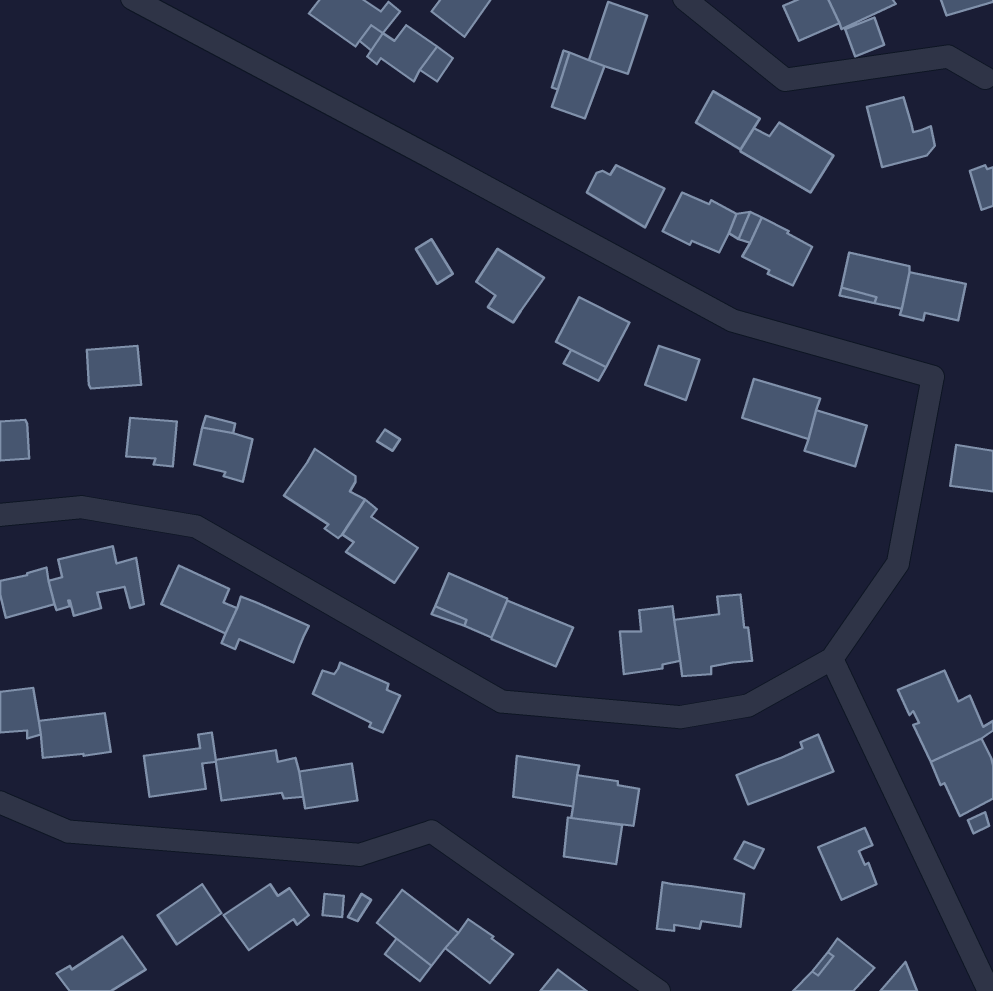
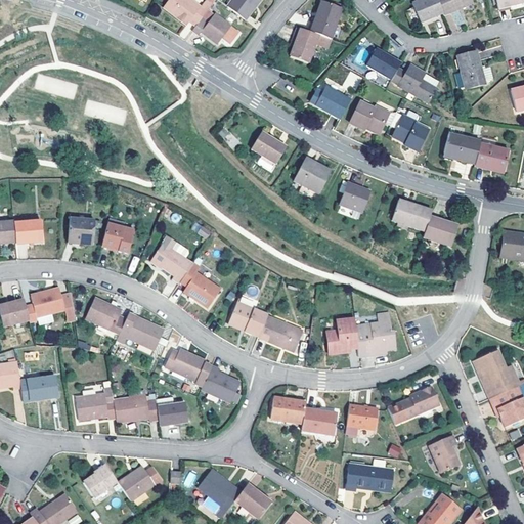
building: [87,346,141,389] -> [14,221,43,244]
building: none -> [201,366,239,402]
building: [564,818,622,864] -> [347,405,378,430]

